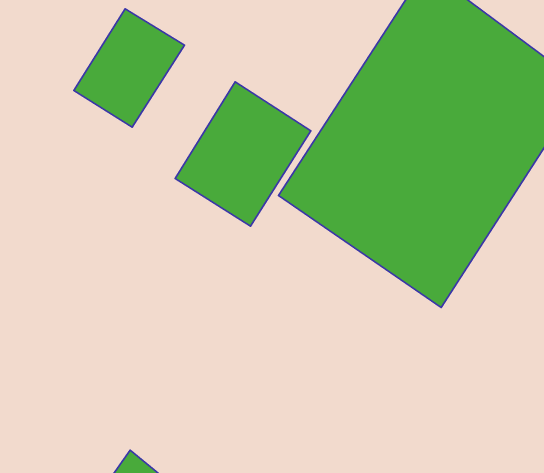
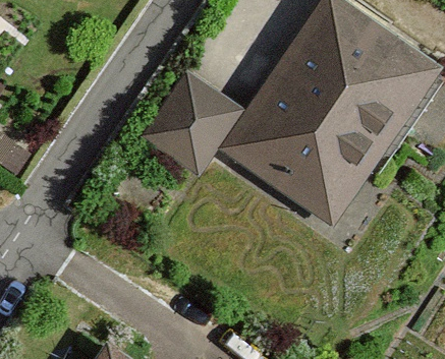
building: [74,9,184,127] -> none

